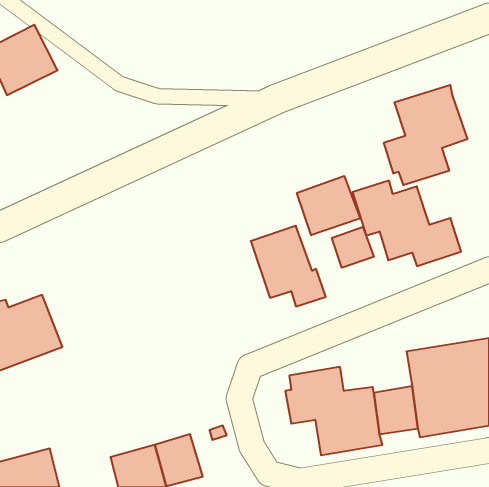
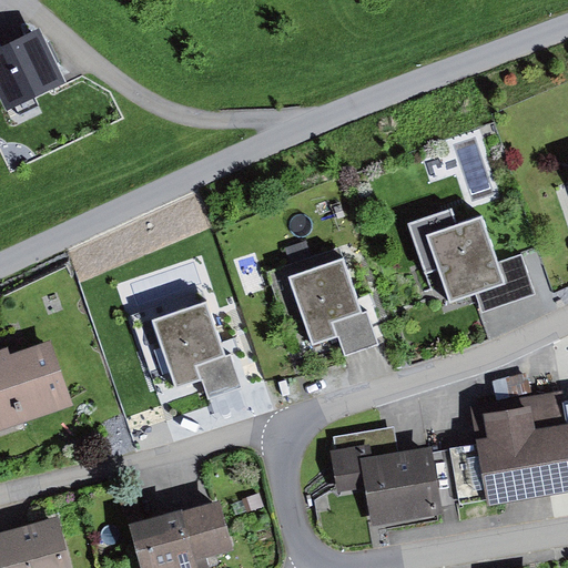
building: [384,85,467,185] -> none
building: [297,176,360,235] -> none
building: [332,227,374,268] -> none
building: none -> [151,302,241,398]

